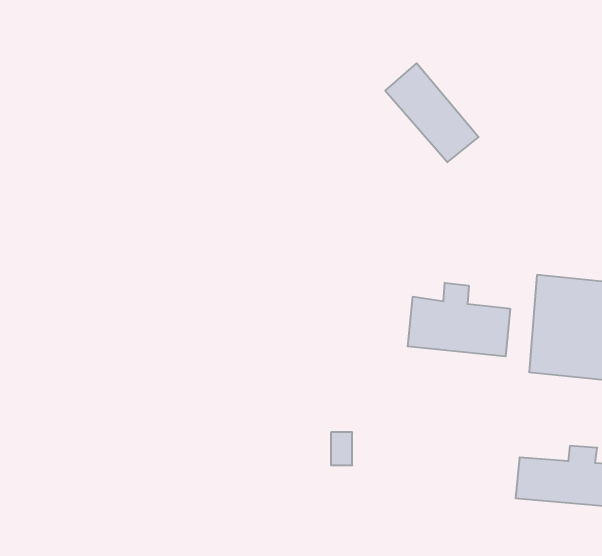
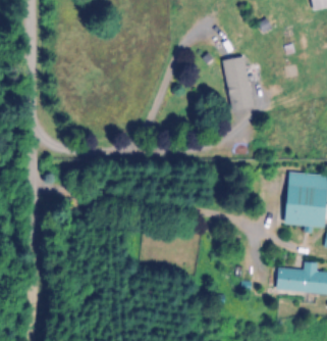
building: [408,283,510,356] -> none

